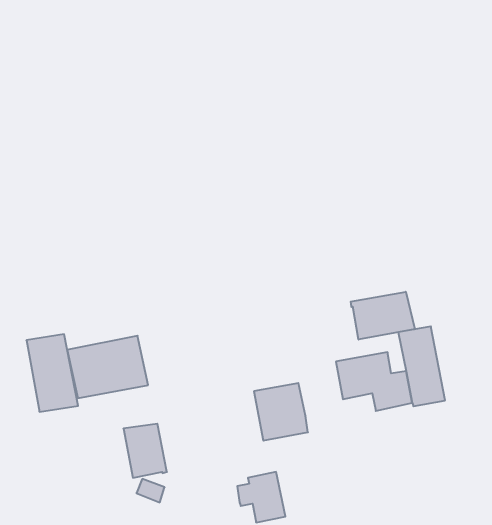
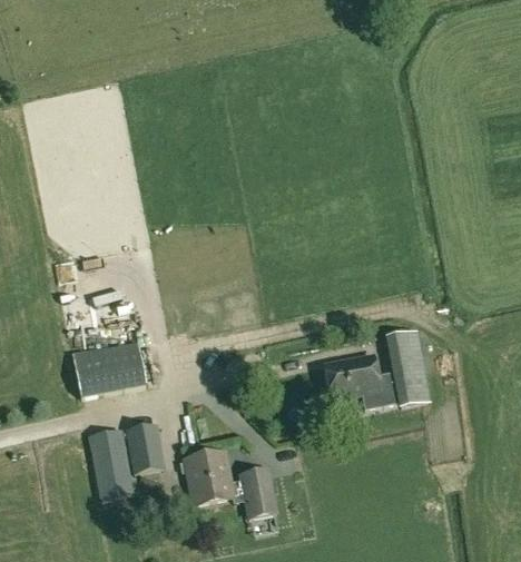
building: [351,292,415,340] -> none
building: [26,334,78,412] -> [86,427,135,501]
building: [254,383,308,441] -> [183,450,234,504]

